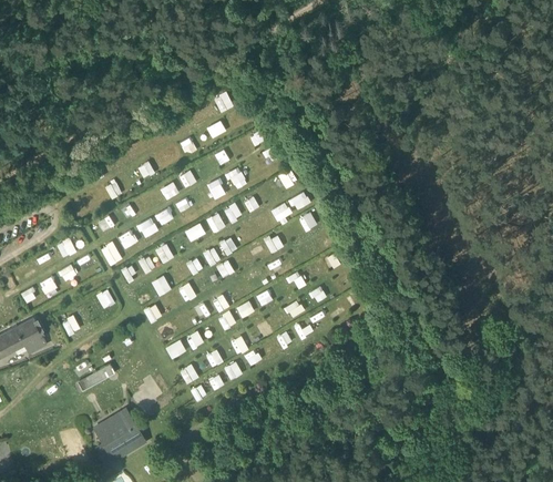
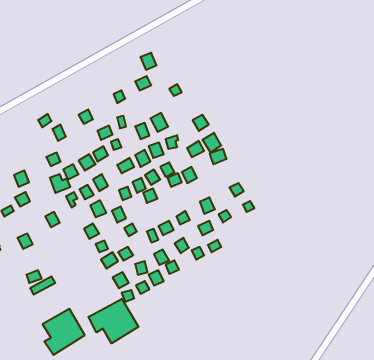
building: none -> [88,299,138,343]

